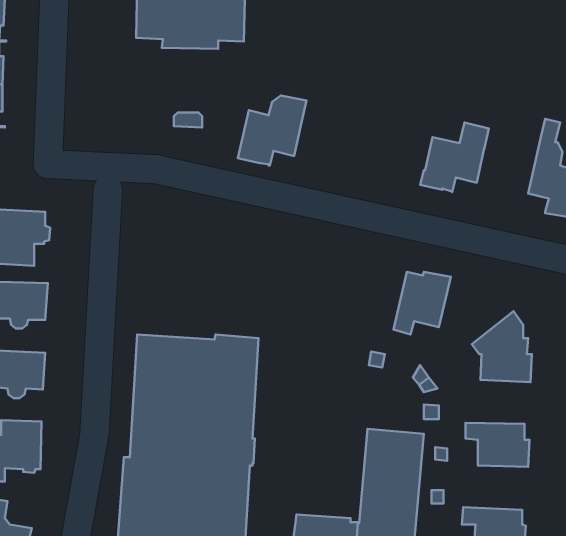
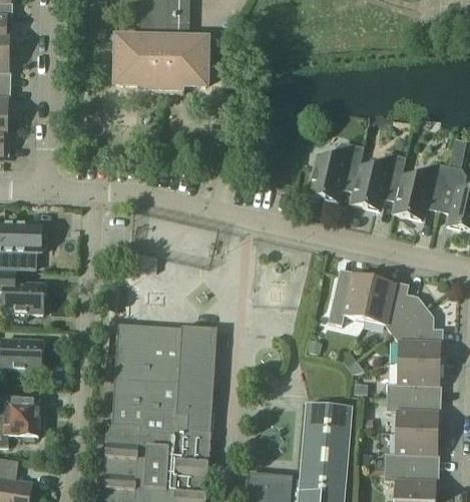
building: [238,96,307,165] -> [308,141,364,198]
building: none -> [393,161,448,217]
building: none -> [365,278,426,333]
building: none -> [387,362,440,398]
building: none -> [385,432,438,468]

